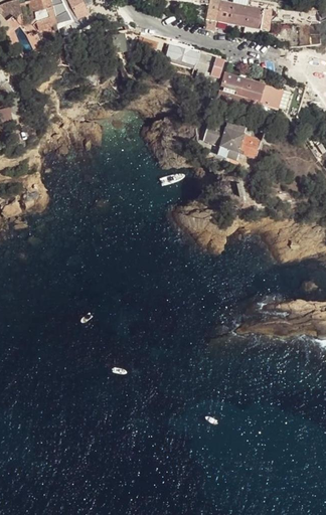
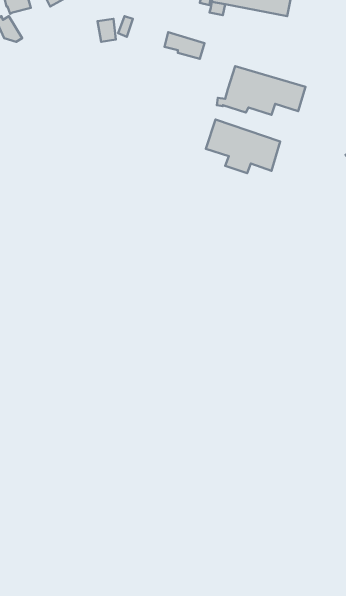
building: [193,52,223,81] -> none

